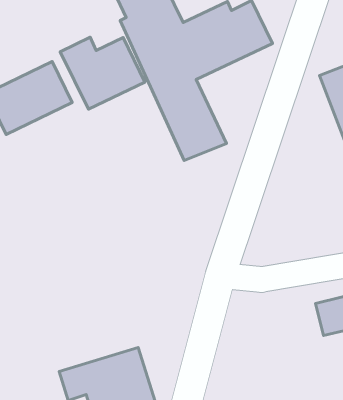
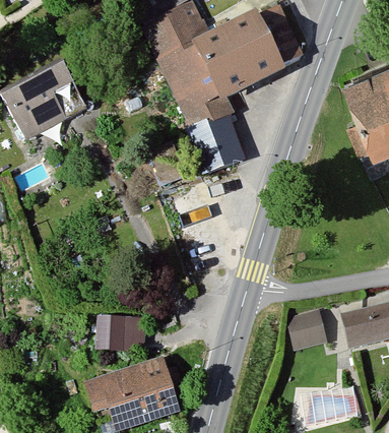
building: [60,37,145,109] -> none
building: none -> [285,309,325,348]
building: none -> [93,317,137,352]

